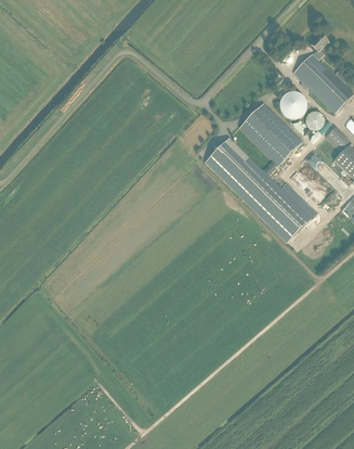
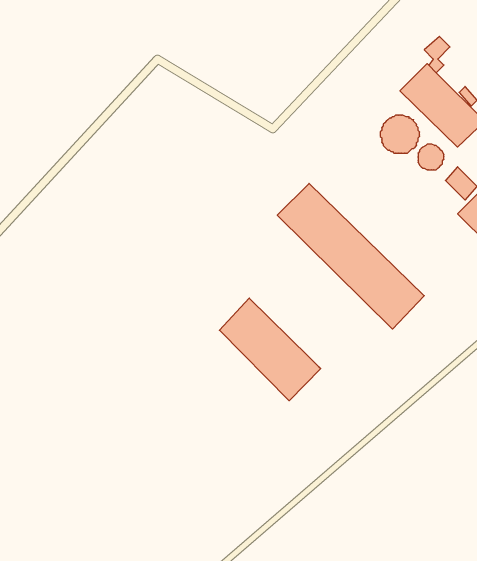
building: [240,104,302,166] -> none
building: none -> [219,298,321,401]

